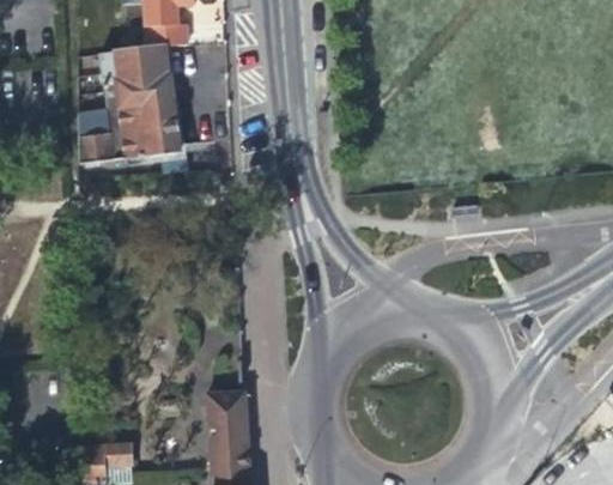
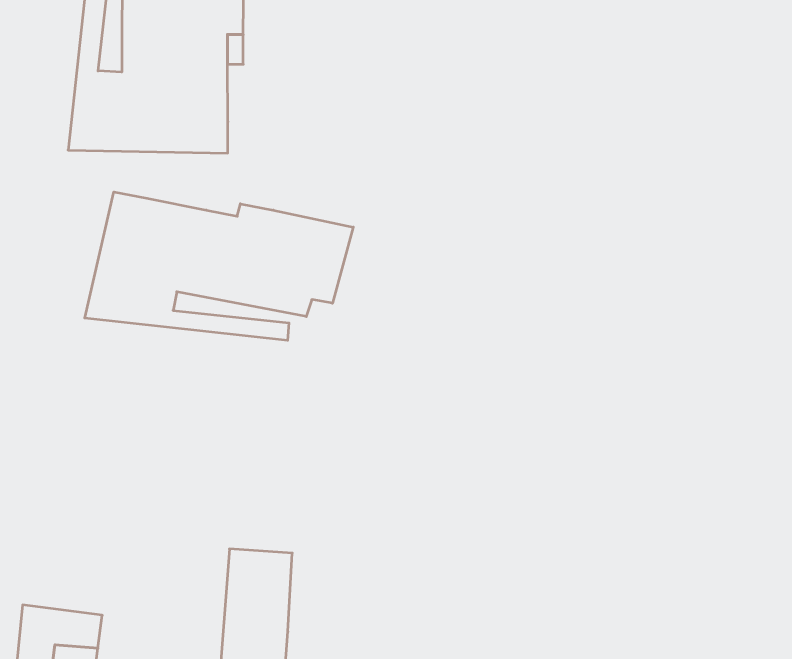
building: none -> [85,192,353,340]

